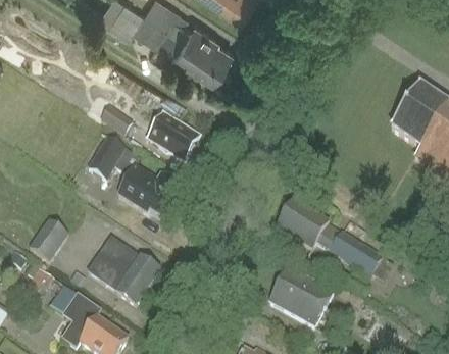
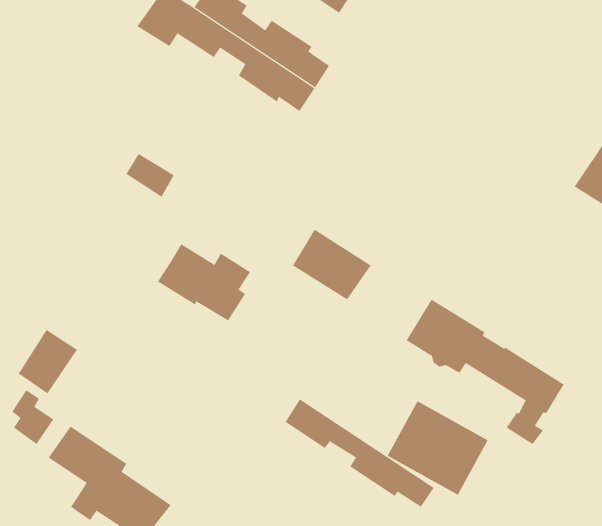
building: [148,113,199,159] -> [292,229,371,300]
building: [87,134,141,181] -> none
building: [83,234,159,305] -> none
building: none -> [285,398,435,507]

